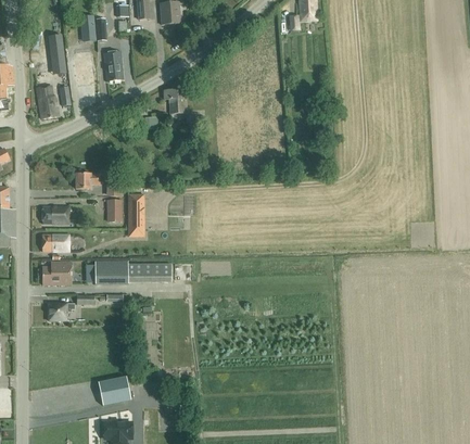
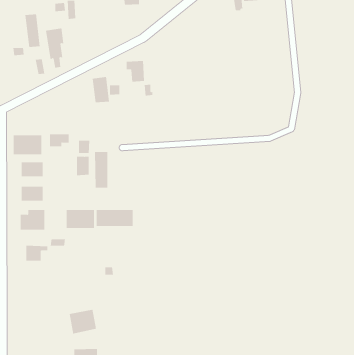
building: [103,50,124,80] -> [92,77,110,103]
building: [37,85,59,117] -> none
building: none -> [13,134,42,155]

